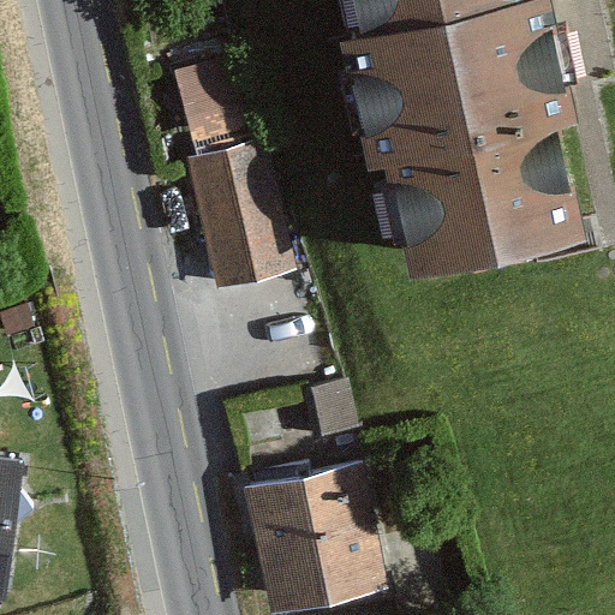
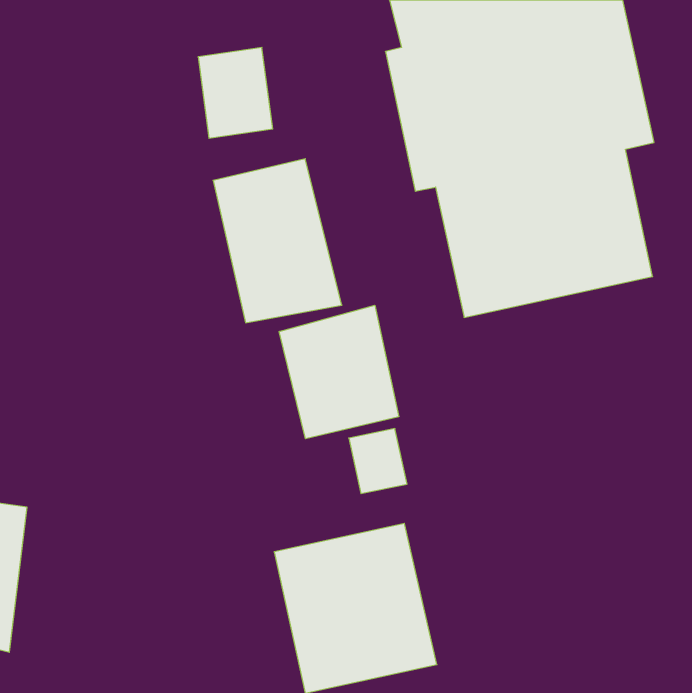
building: none -> [279,305,399,439]

